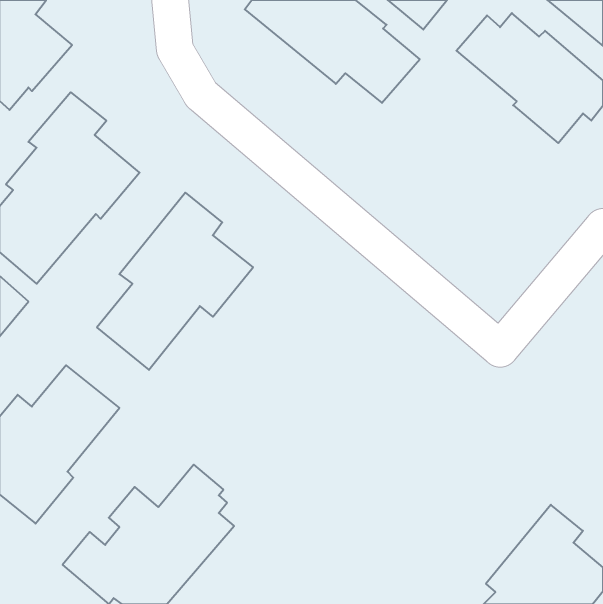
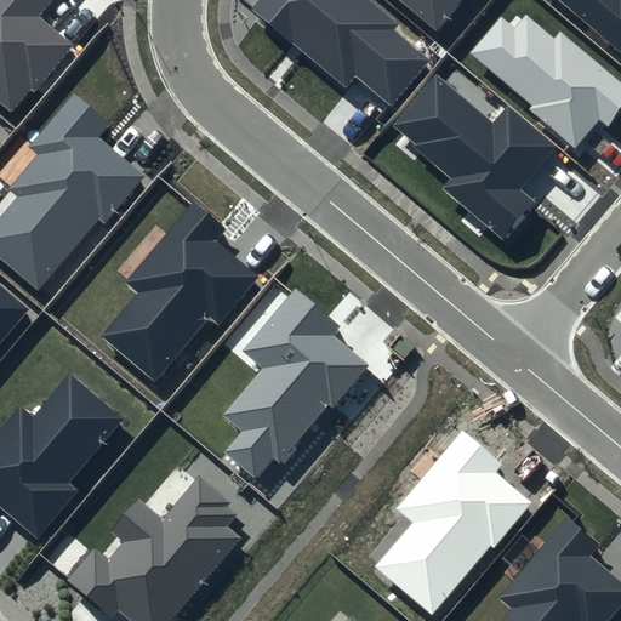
building: none -> [393,76,556,238]
building: none -> [223,290,366,479]
building: none -> [375,431,532,613]

